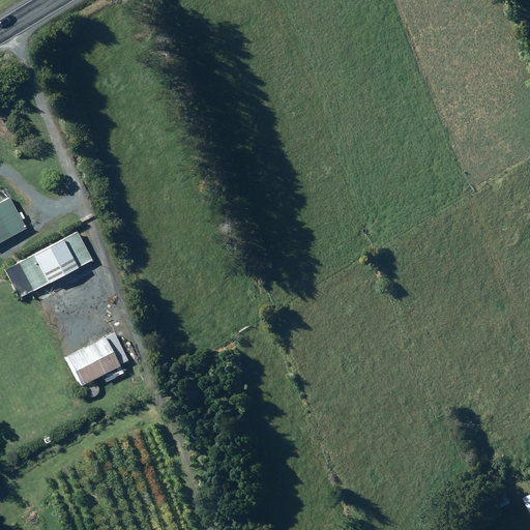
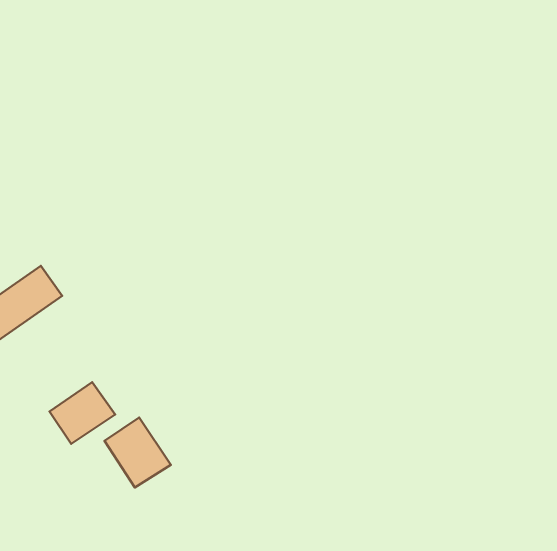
building: none -> [104,418,171,487]

